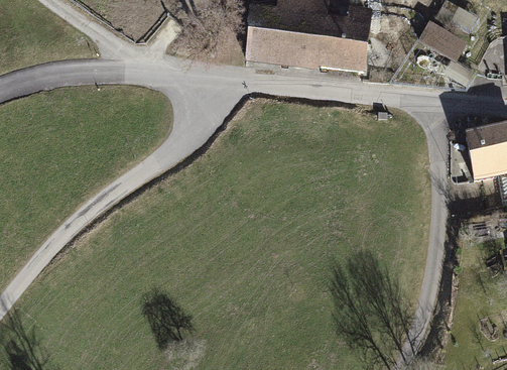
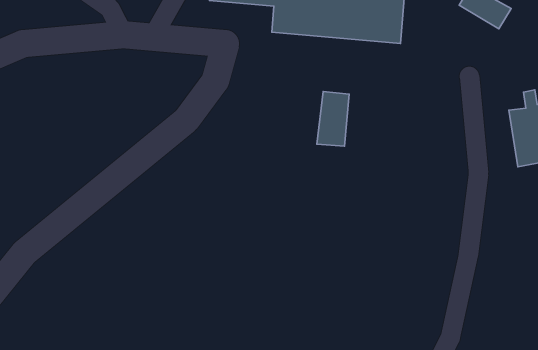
building: none -> [317,92,349,146]

